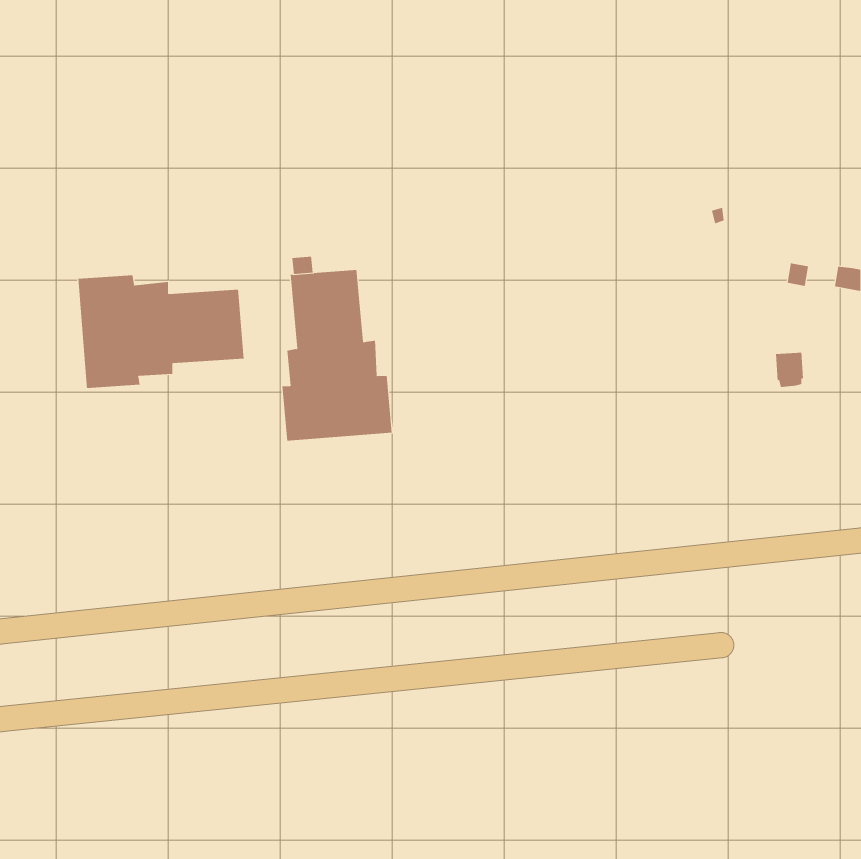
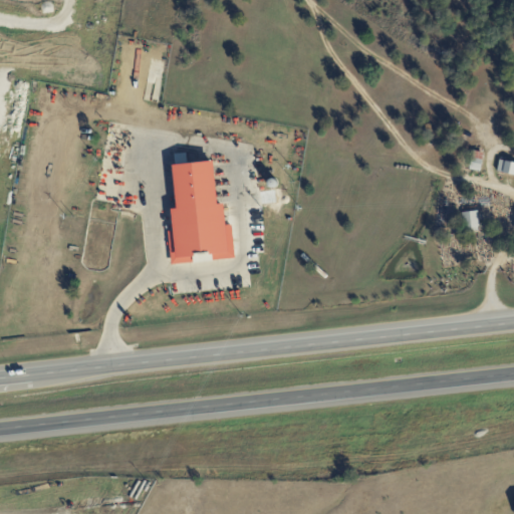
building: [78,274,244,389] -> none

